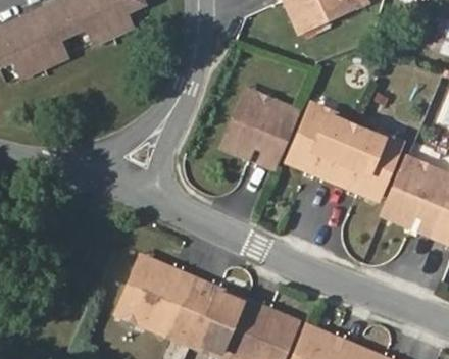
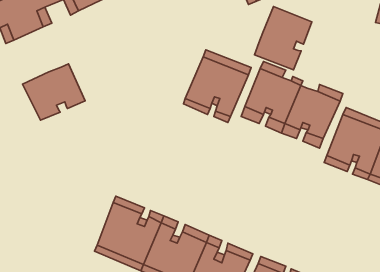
building: none -> [254,6,312,70]
building: none -> [23,64,85,120]

